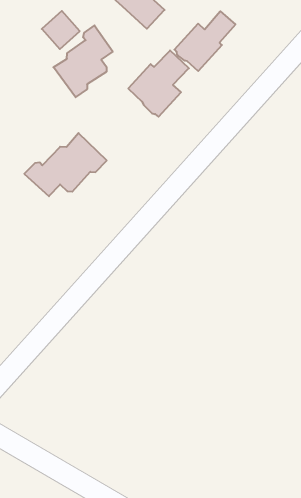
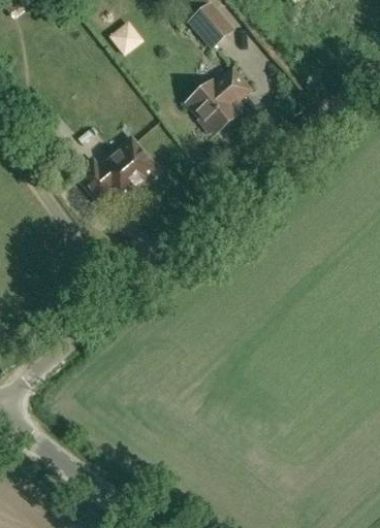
building: [174,11,235,71] -> none
building: [53,25,113,97] -> none

